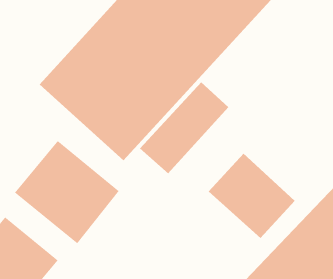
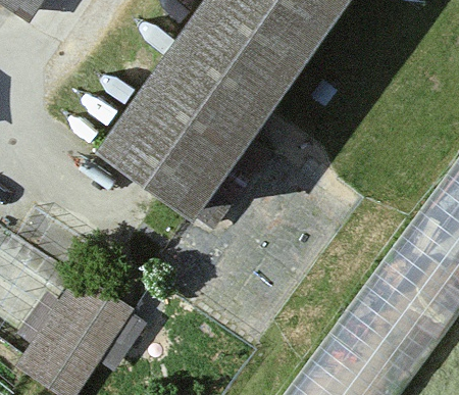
building: [14,140,119,244] -> none
building: [208,153,296,239] -> none

